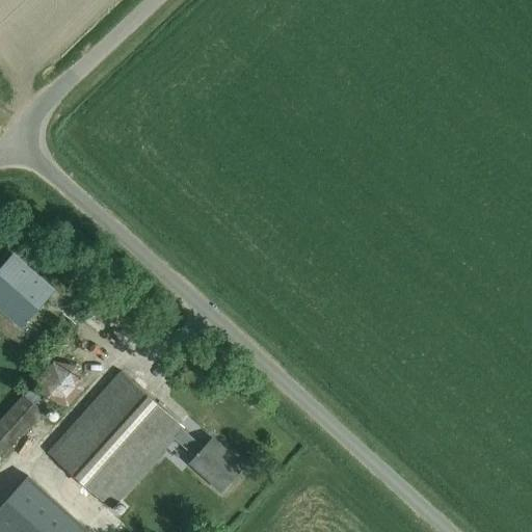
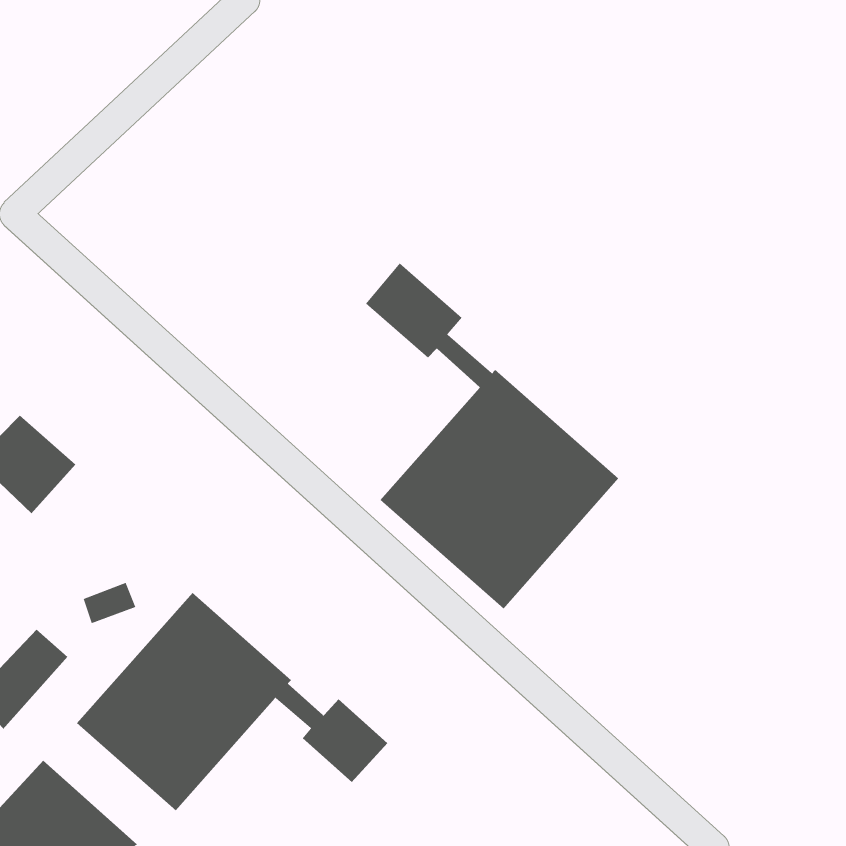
building: none -> [365,263,619,610]

